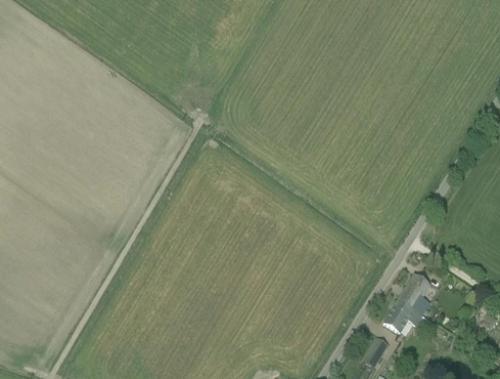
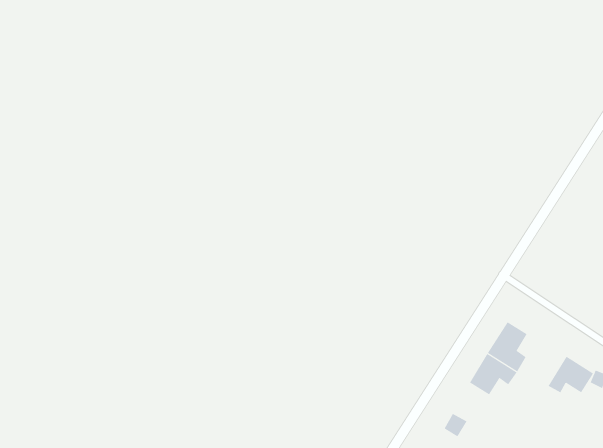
building: none -> [548,356,594,393]

